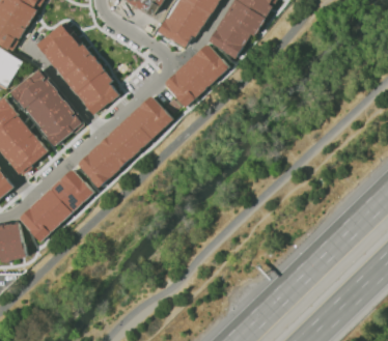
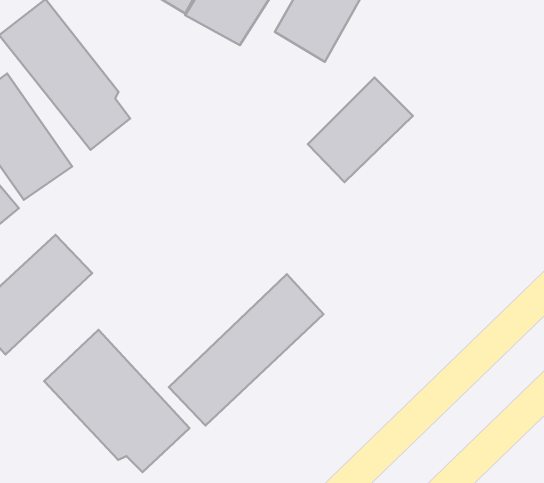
building: [165,42,230,108] -> [308,78,413,182]
building: [78,94,174,189] -> [169,274,323,426]
building: none -> [44,330,189,472]

